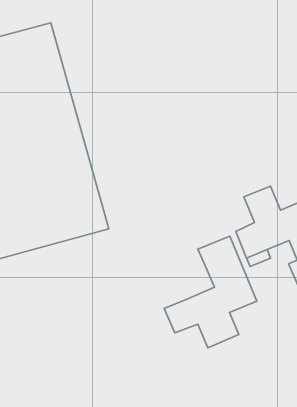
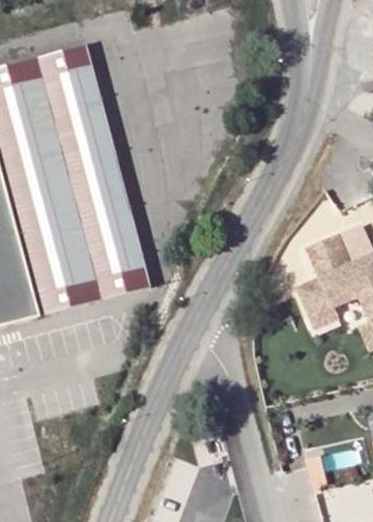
building: [164,236,257,348] -> none

